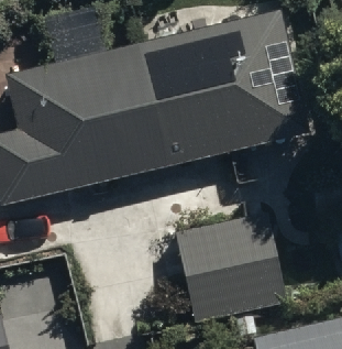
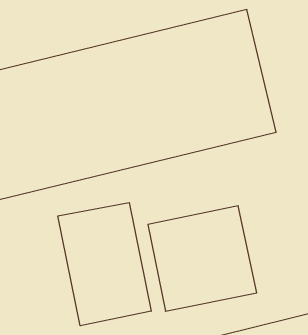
building: none -> [58,203,151,326]

